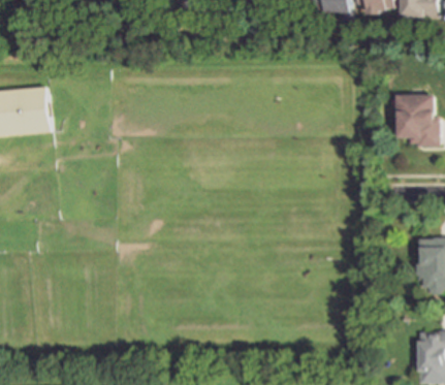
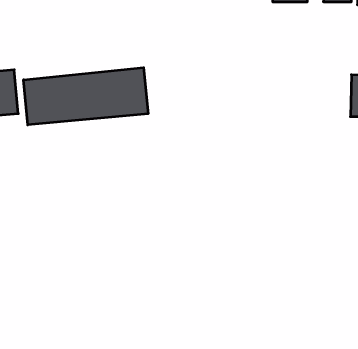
building: none -> [24,68,148,125]

